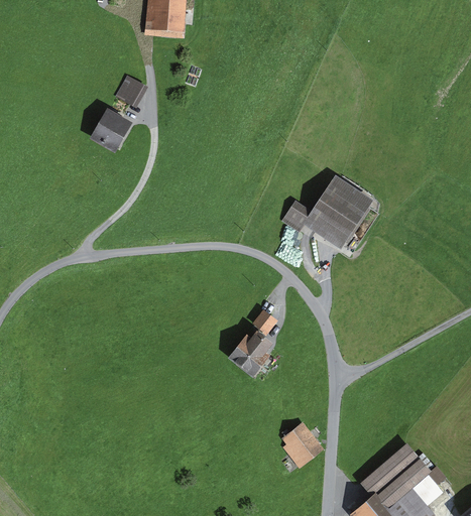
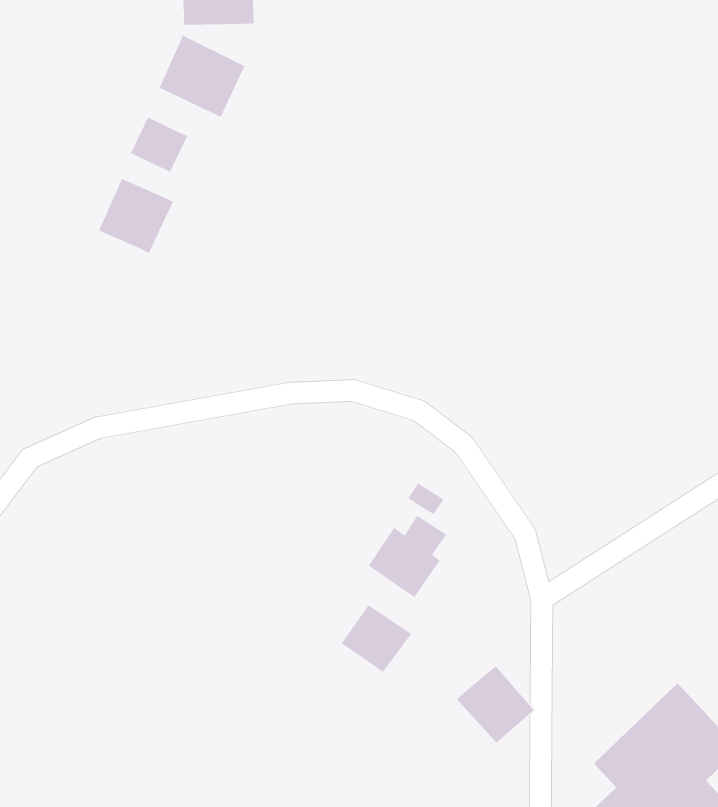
building: none -> [159,34,246,118]
building: [278,171,378,250] -> none
building: none -> [341,604,412,673]

